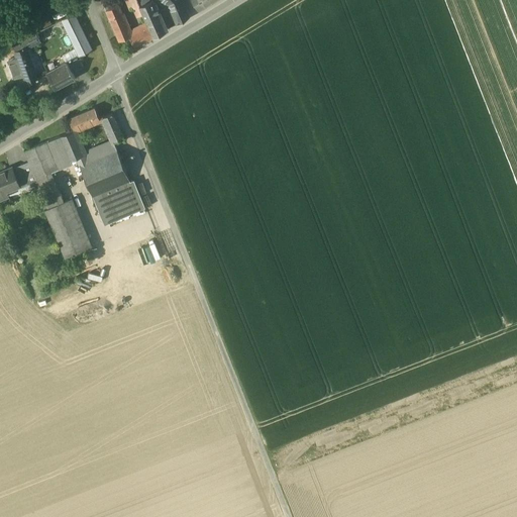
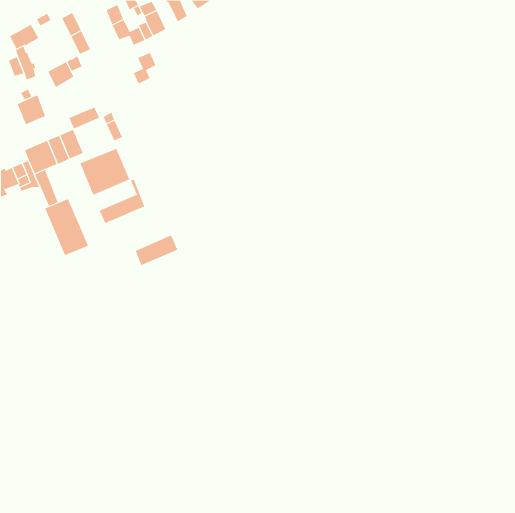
building: none -> [133,52,156,84]
building: none -> [17,94,46,125]
building: [93,182,136,213] -> [135,235,178,266]

